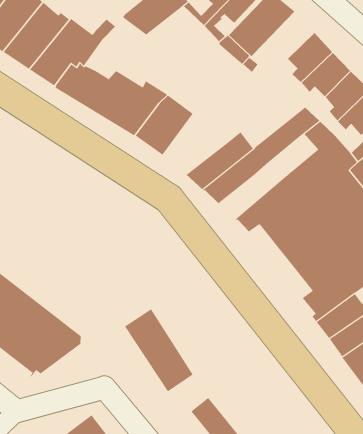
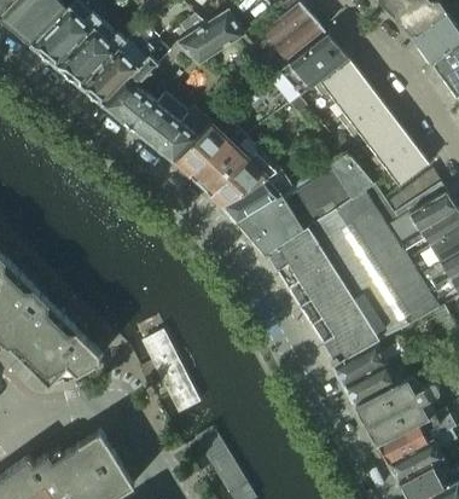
building: none -> [313,58,365,104]
building: none -> [201,138,280,207]
building: none -> [250,180,354,256]

